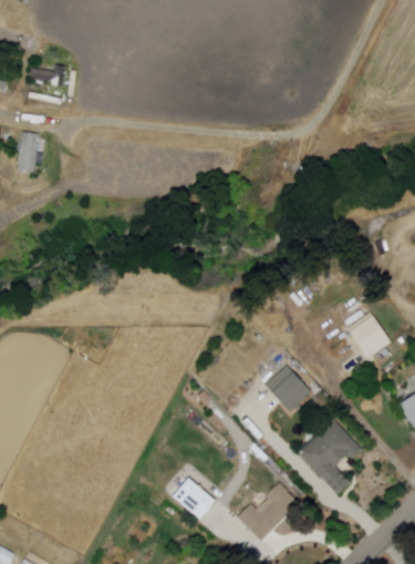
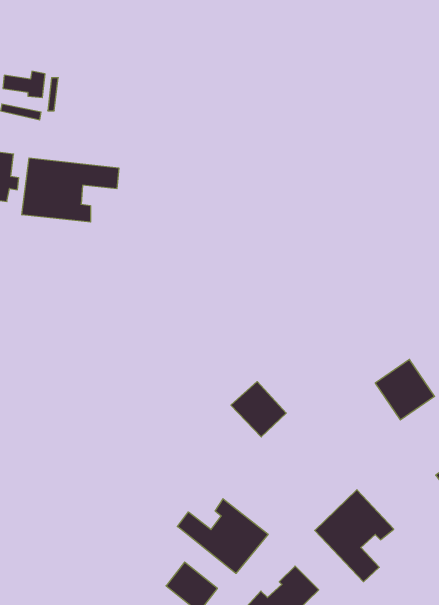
building: none -> [22,158,119,222]
building: [263,366,310,412] -> [231,382,286,437]
building: none -> [177,499,268,573]

